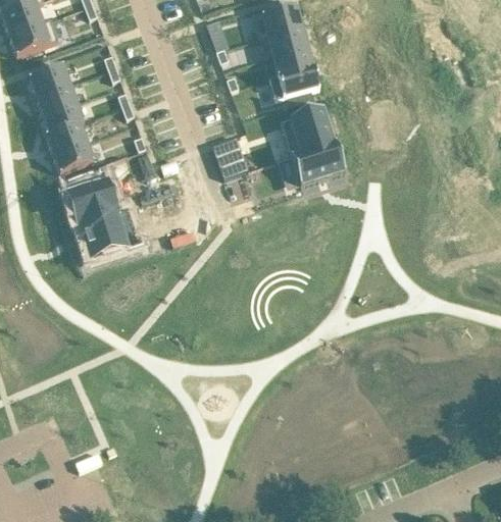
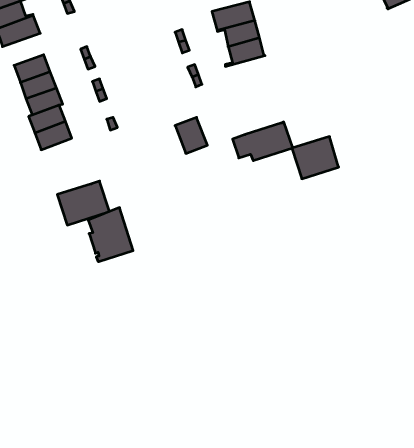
building: [268,64,318,97] -> none
building: [280,106,333,154] -> [292,137,339,179]
building: [65,161,116,222] -> [88,208,133,261]

